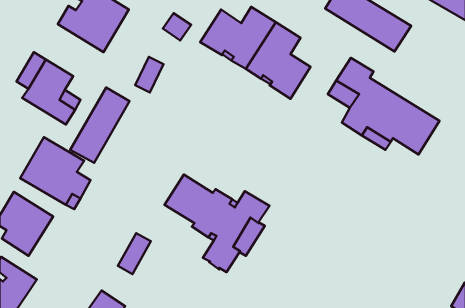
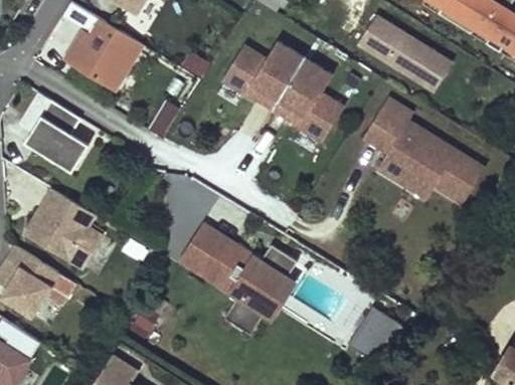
building: [70,88,130,163] -> none
building: none -> [349,313,402,363]

